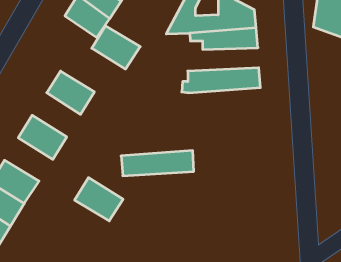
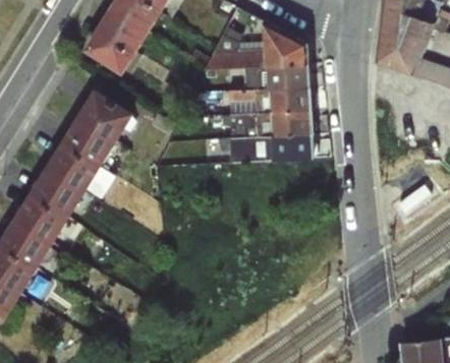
building: [92,26,140,69] -> [77,87,134,138]
building: none -> [227,86,311,114]
building: none -> [44,139,101,191]
building: [121,151,194,176] -> [228,133,314,163]
building: [75,178,123,221] -> [11,192,68,243]

